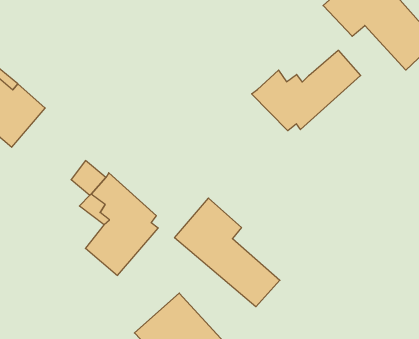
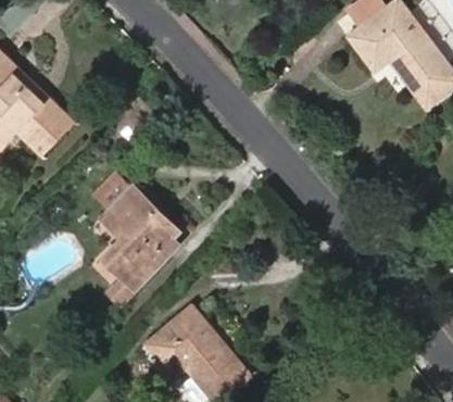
building: [252,50,361,131] -> none
building: [175,198,280,307] -> none

